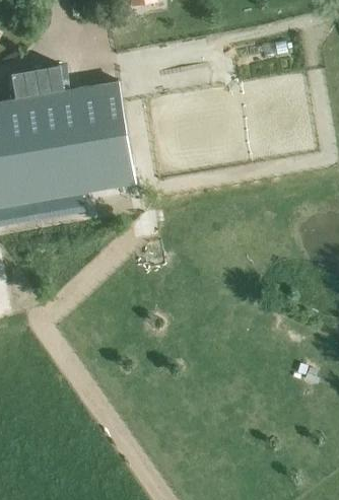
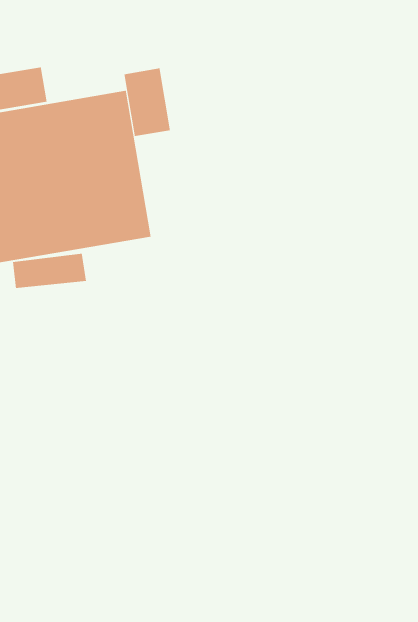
building: none -> [124,68,170,137]

